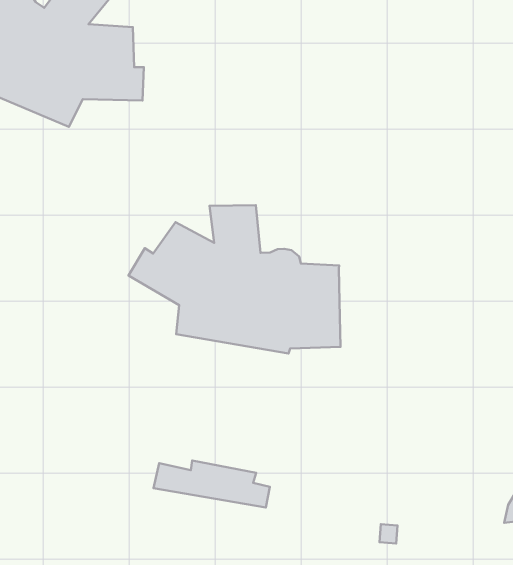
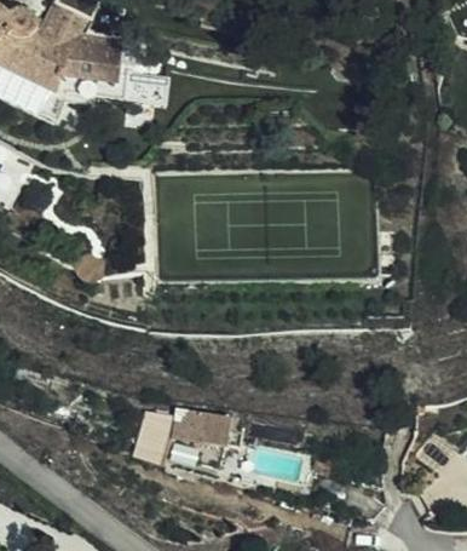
building: [128,205,341,354] -> none

